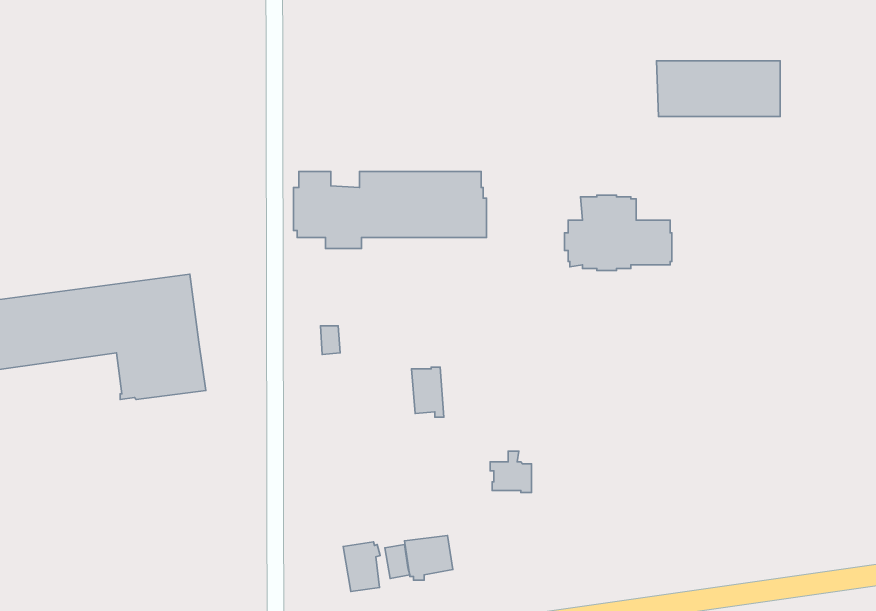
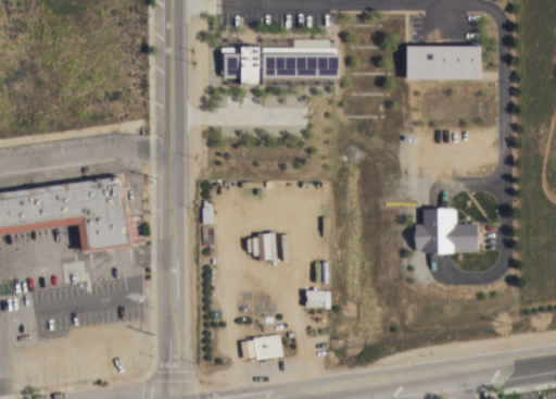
building: [293,171,487,248] -> [220,37,338,84]
building: [564,195,672,270] -> [412,208,477,253]
building: [343,542,380,591] -> none

